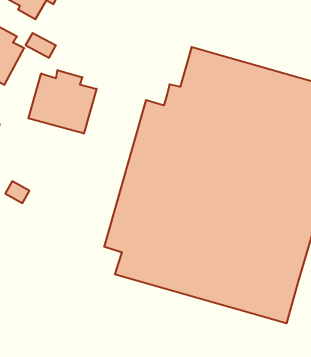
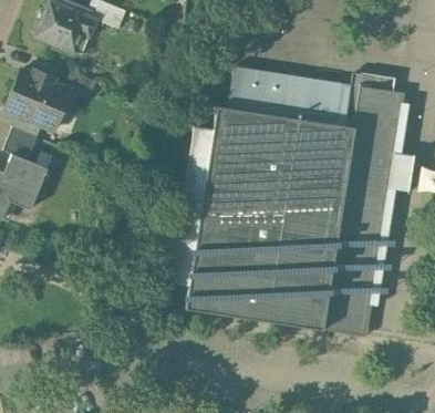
building: [28,70,97,134] -> none

